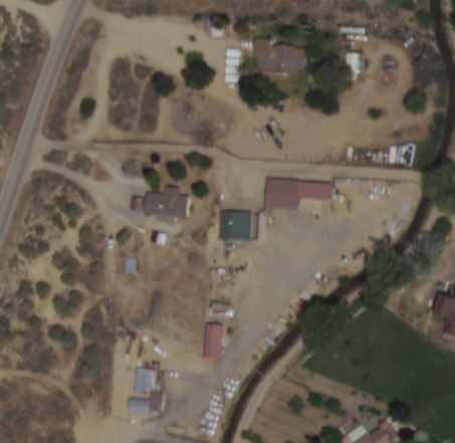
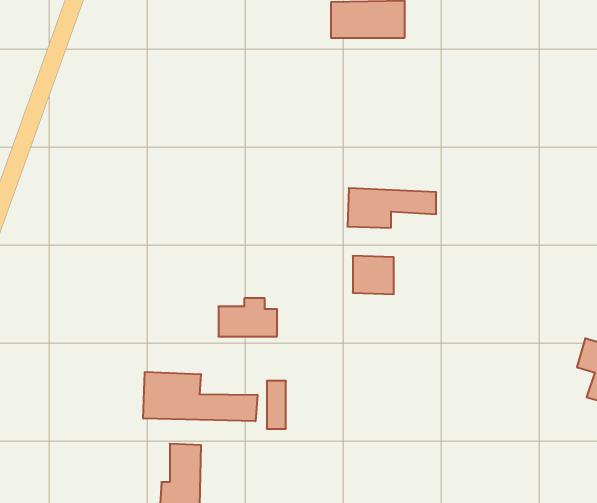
building: [146,188,189,216] -> [218,298,277,336]
building: [219,212,249,240] -> [353,256,394,294]
building: none -> [143,372,257,421]

